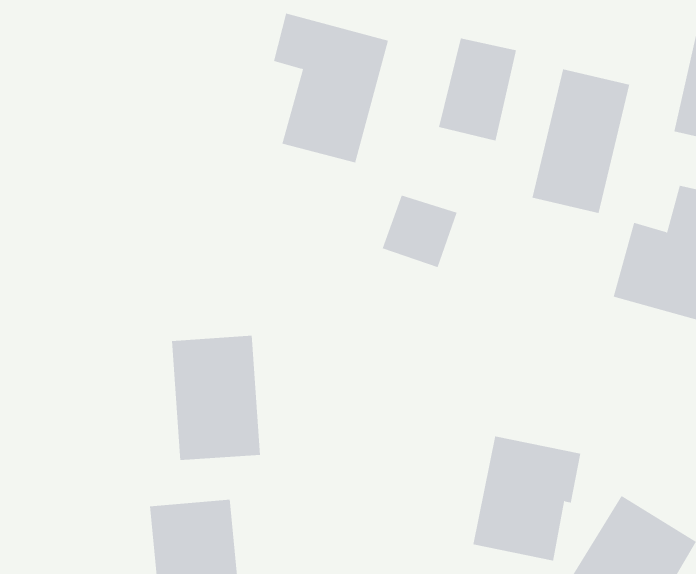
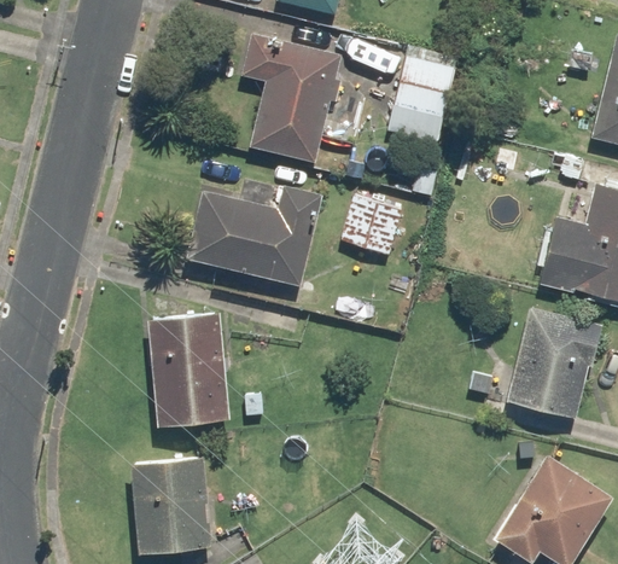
building: [532,68,630,214] -> none
building: none -> [186,184,322,287]
building: [473,436,581,561] -> [507,308,602,418]

